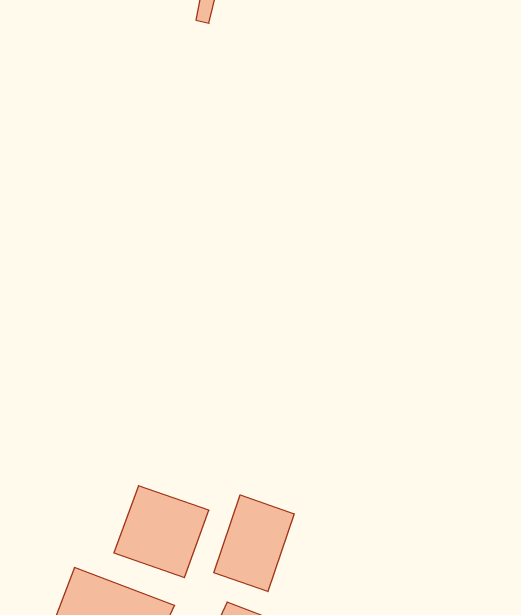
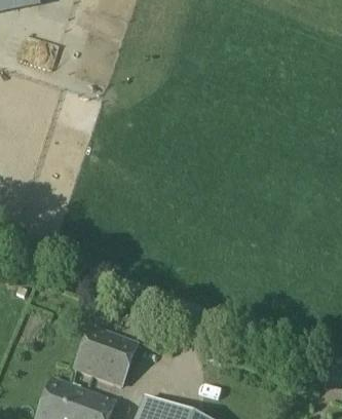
building: [214,495,294,592] -> none

